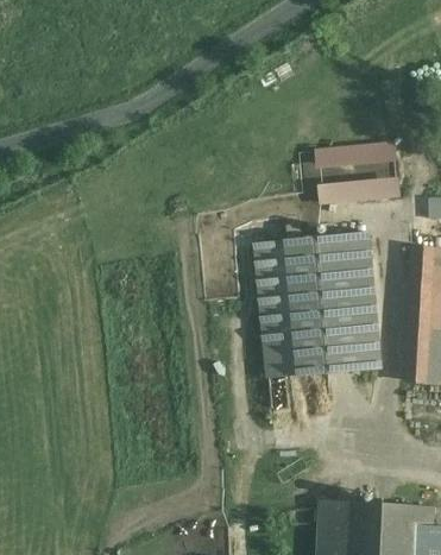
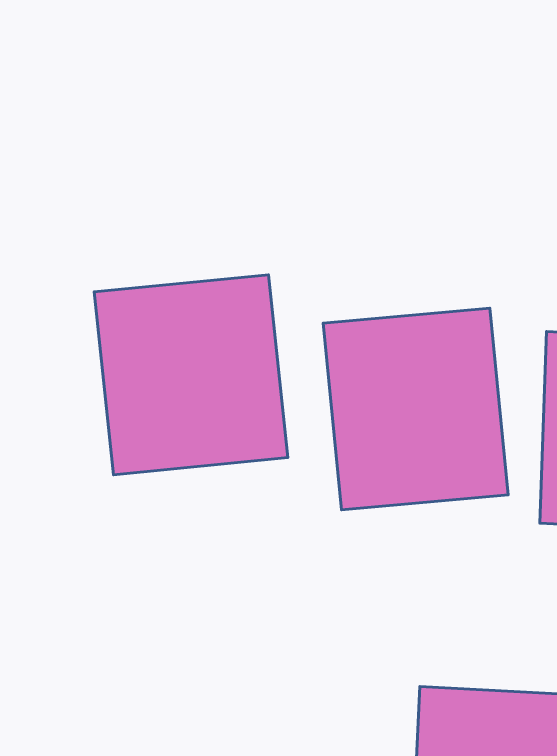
building: [311,140,401,204] -> none
building: none -> [94,275,288,475]

